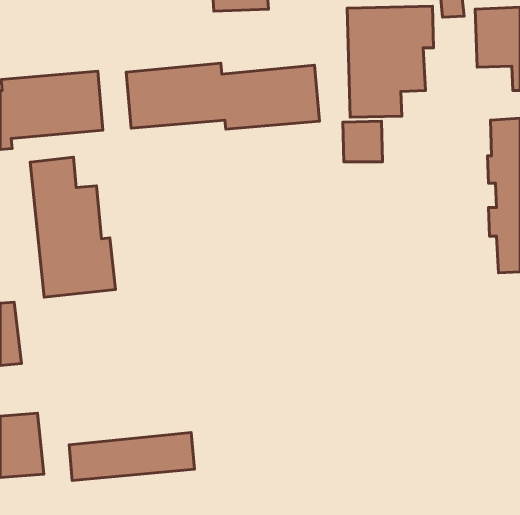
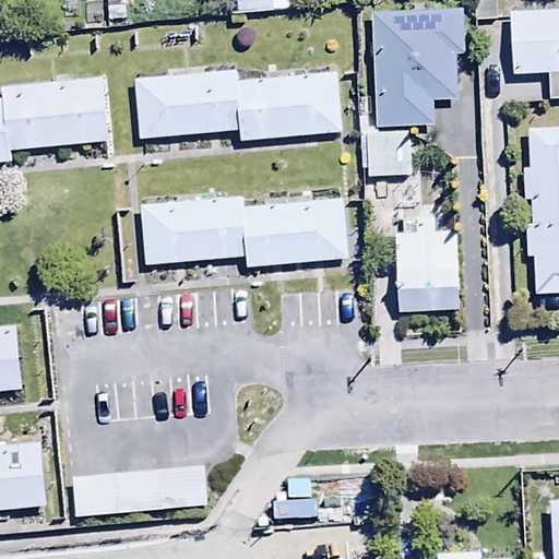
building: [30,157,115,297] -> none
building: none -> [140,189,348,266]
building: none -> [397,216,460,311]

